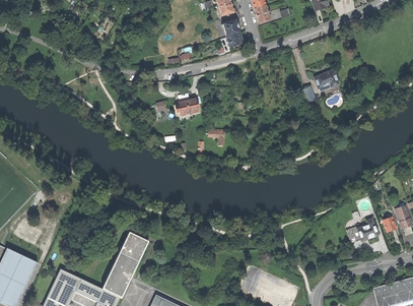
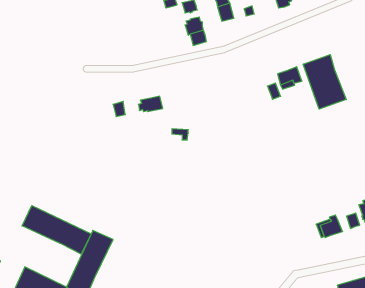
building: none -> [303,55,346,109]
building: none -> [22,206,91,254]

